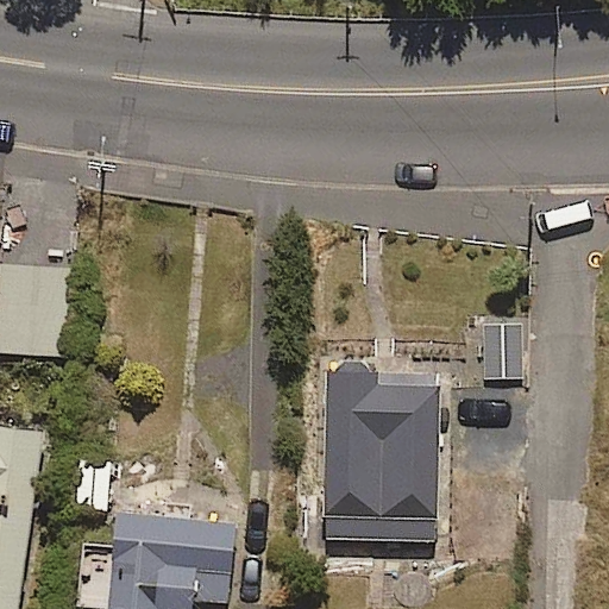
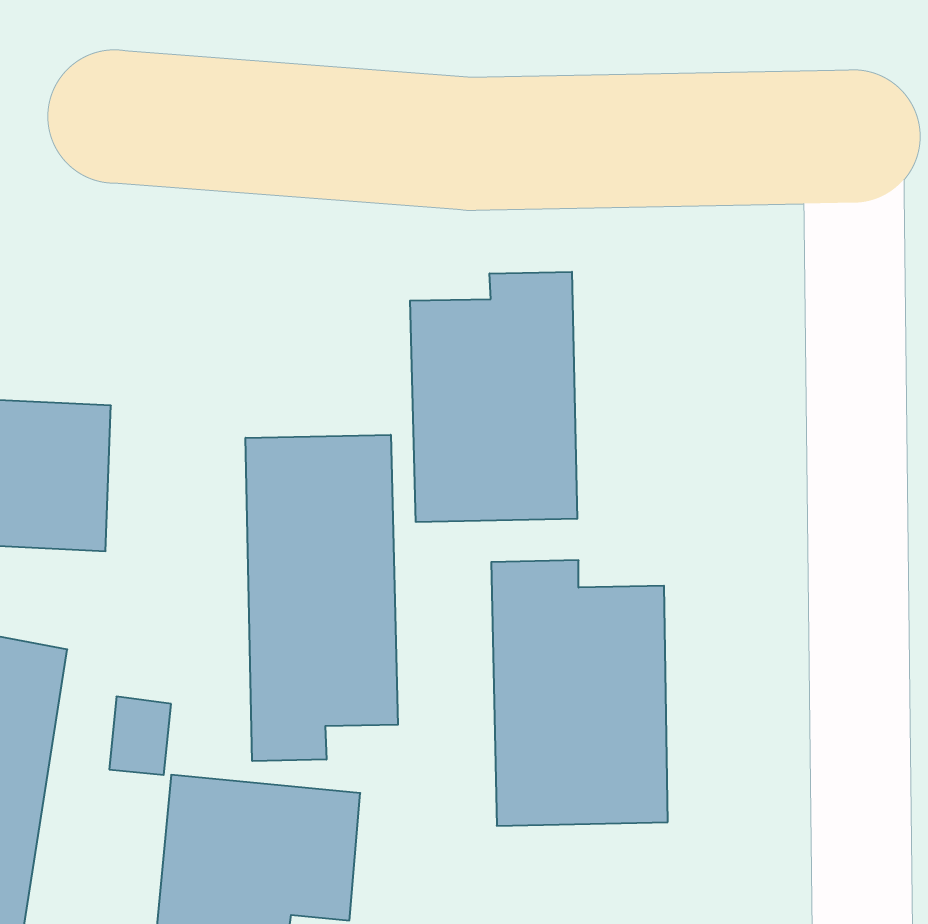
building: none -> [410,272,577,522]
building: none -> [246,435,398,761]

